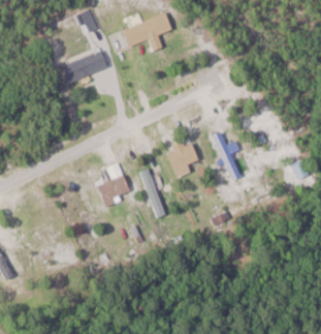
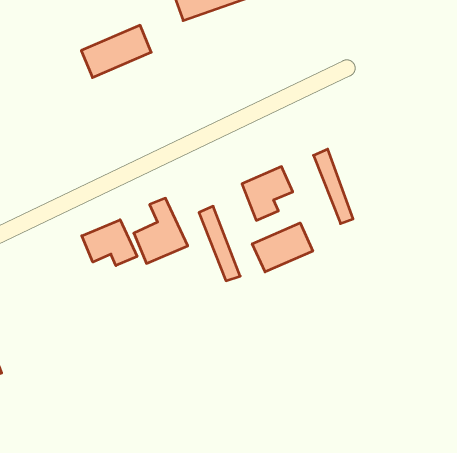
building: none -> [82,220,137,266]
building: none -> [252,223,313,272]

